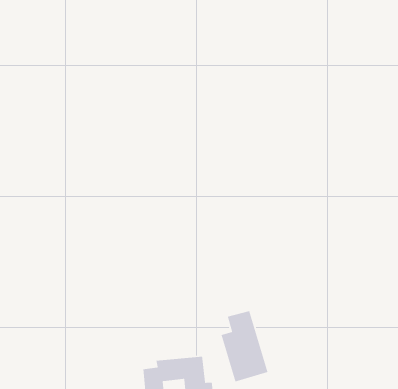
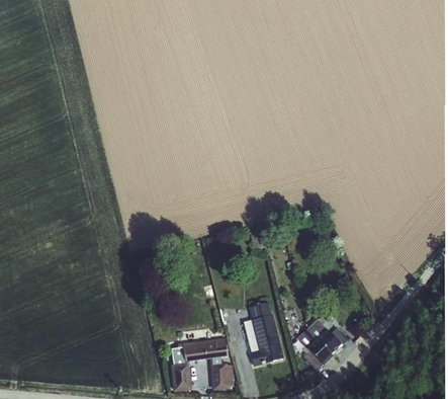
building: none -> [297,318,344,371]

